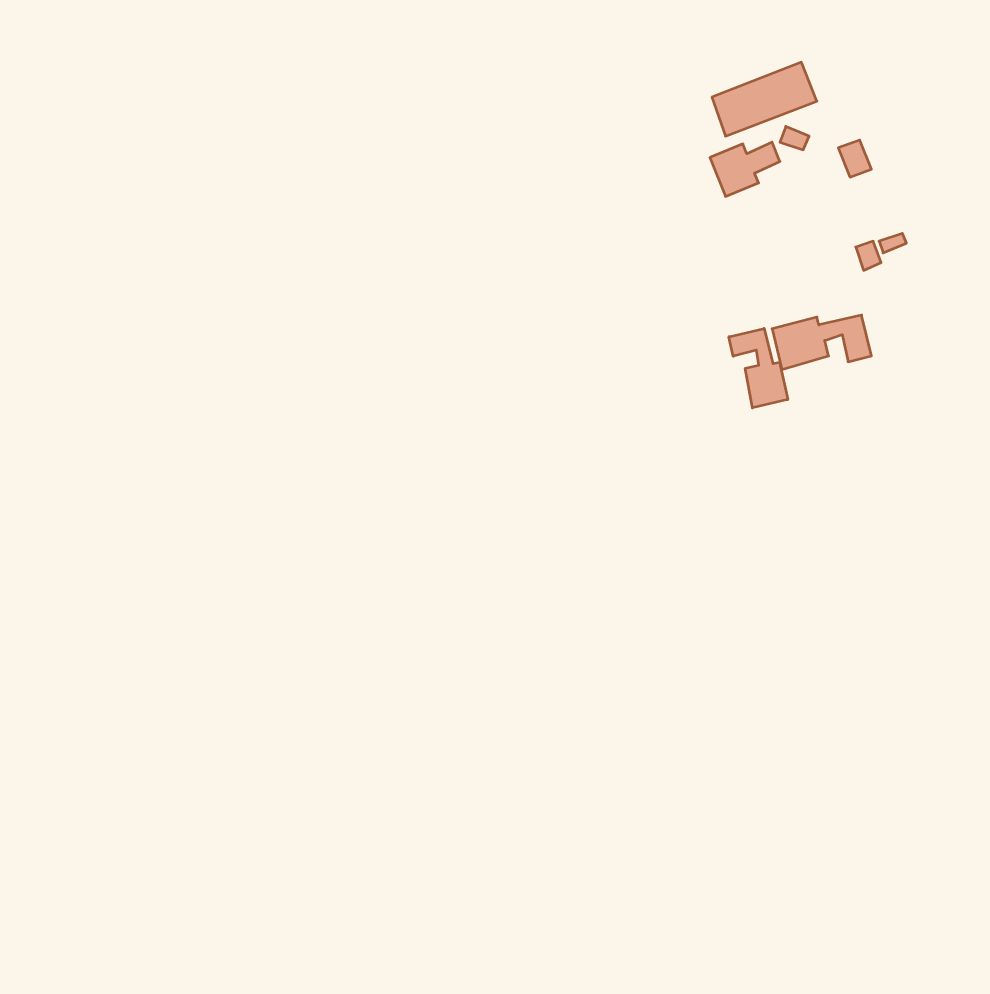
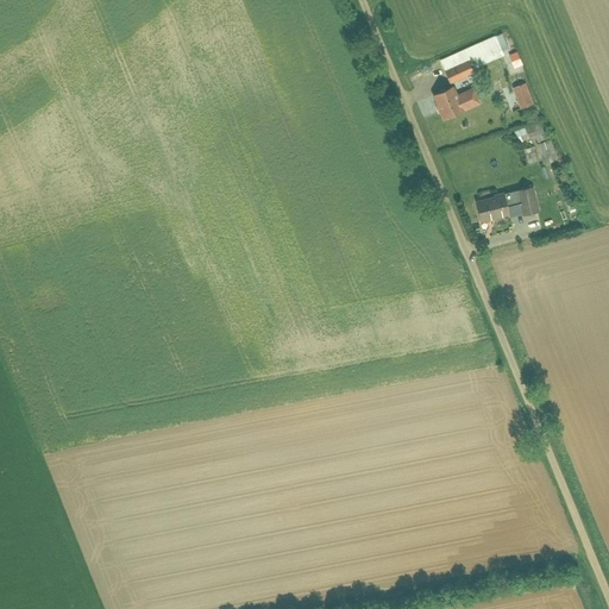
building: [729,328,788,408] -> none

